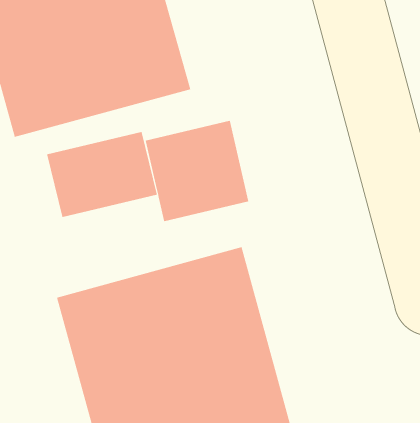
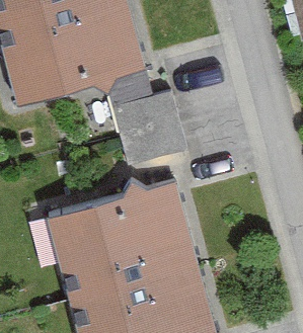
building: [47,131,157,218] -> none

